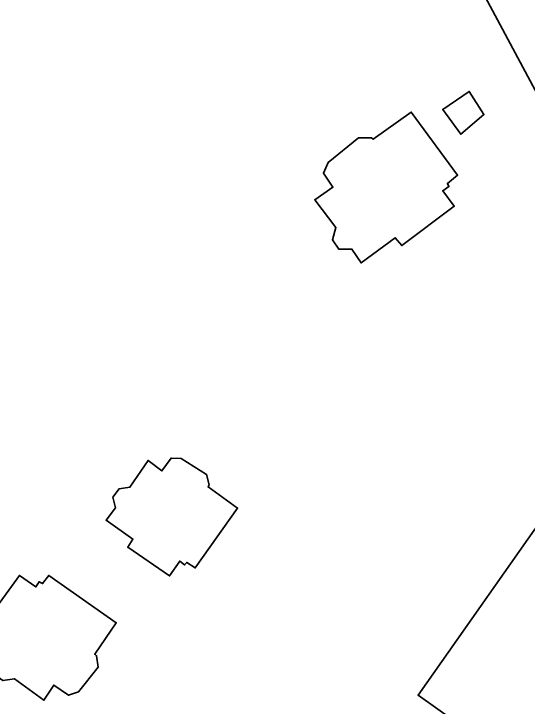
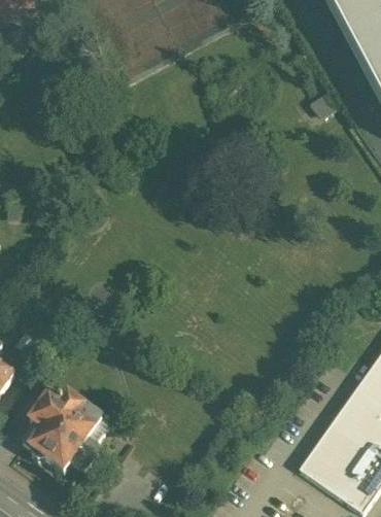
building: [315,112,458,263] -> none
building: [106,458,237,576] -> none

